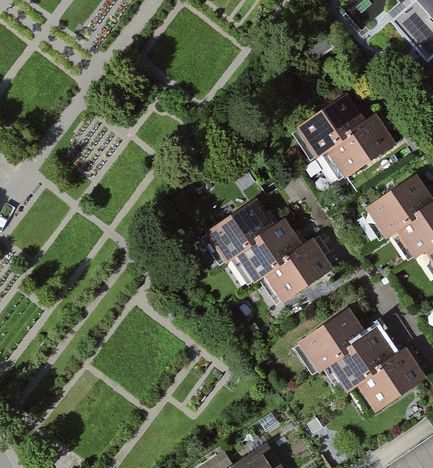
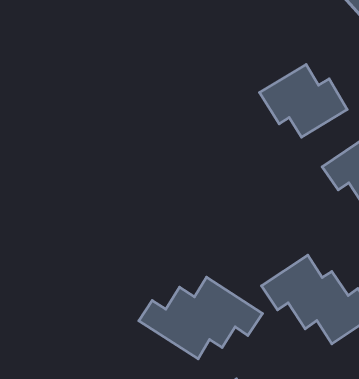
building: [204,203,332,302] -> none
building: none -> [139,277,263,359]

